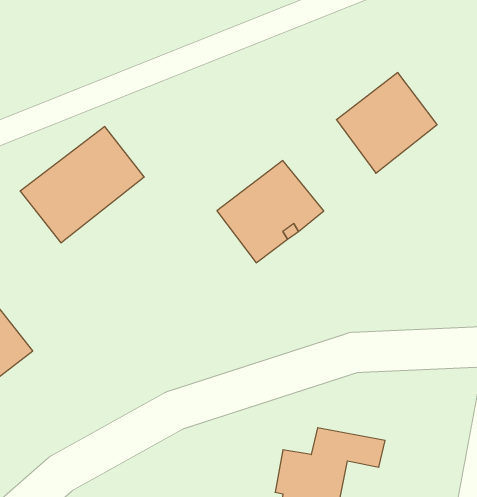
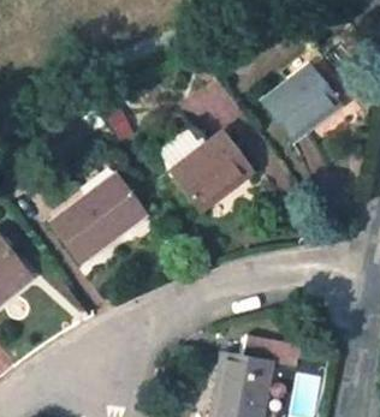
building: [20,127,144,243] -> [52,174,147,263]

